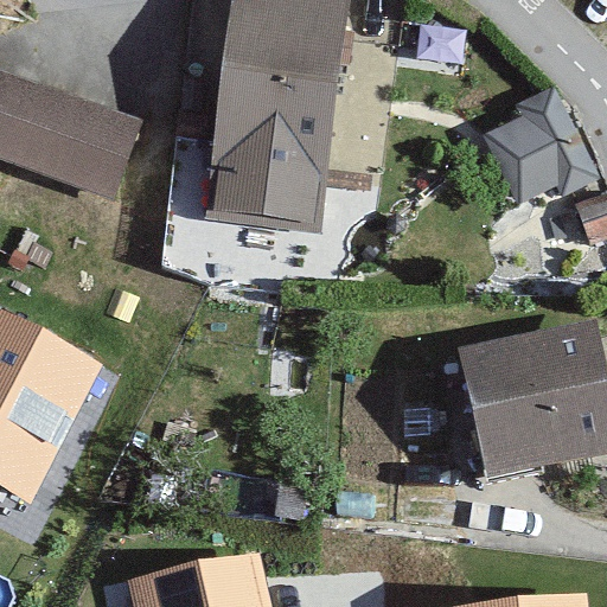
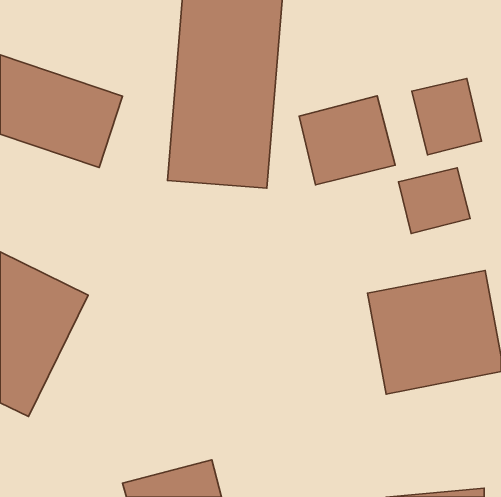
building: none -> [299,96,395,185]
building: none -> [398,168,470,234]

